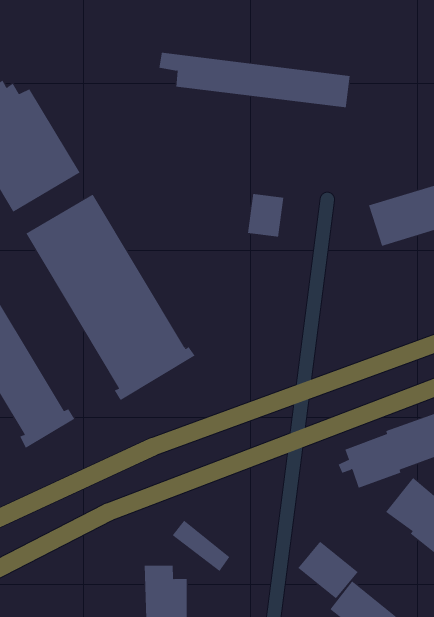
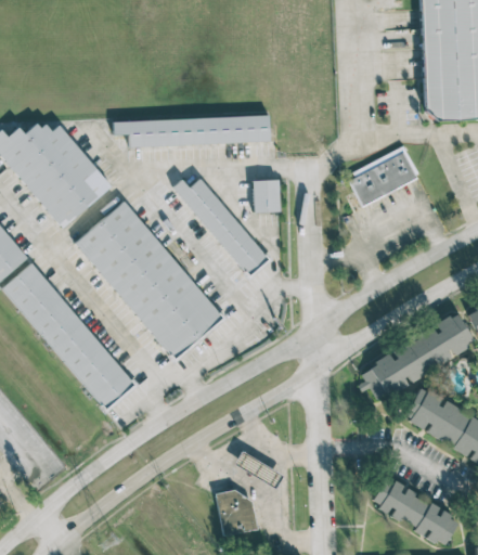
building: [158,52,350,108] -> [114,115,270,147]
building: none -> [173,178,273,280]
building: [298,541,359,599] -> none

